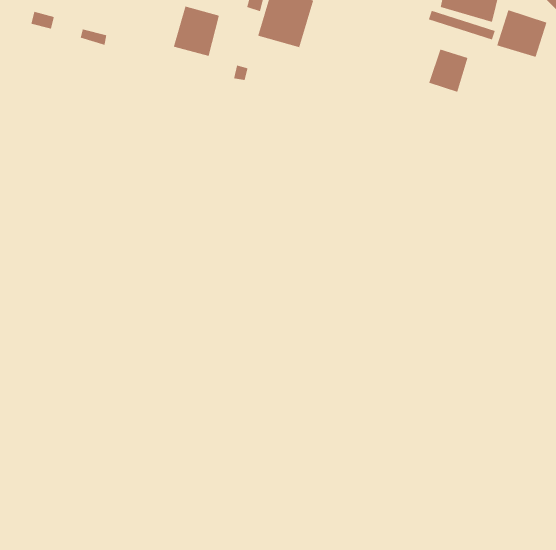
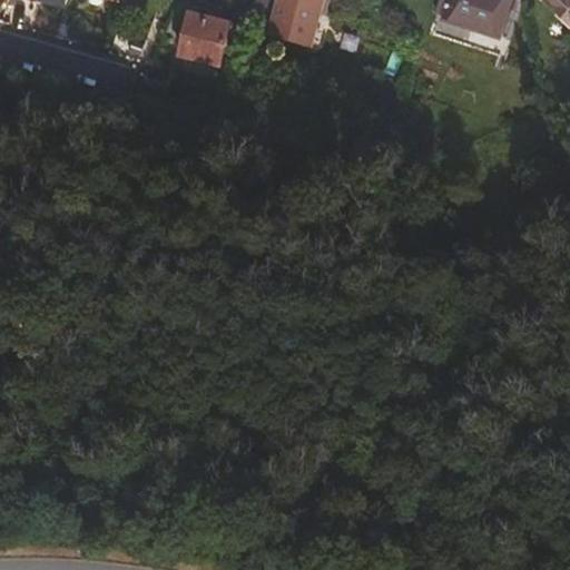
building: [496,9,547,58] -> none
building: [428,48,469,93] -> none

